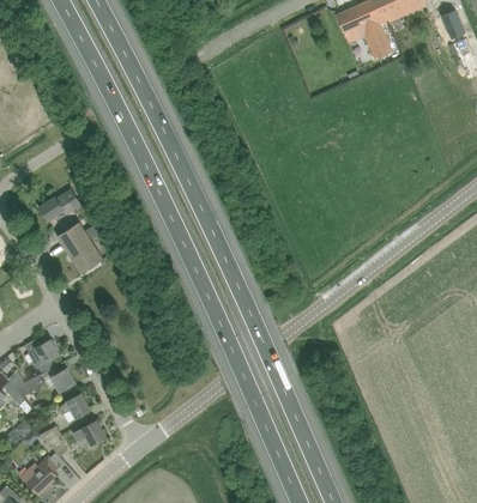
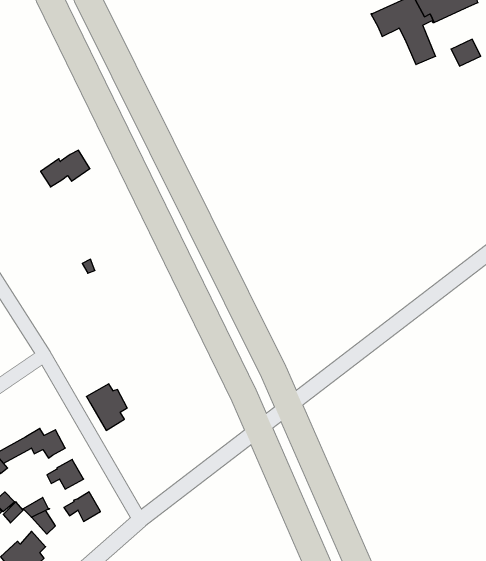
building: [38,189,80,220] -> [41,150,90,187]
building: [56,222,102,273] -> none
building: [24,334,59,374] -> [86,384,127,430]

